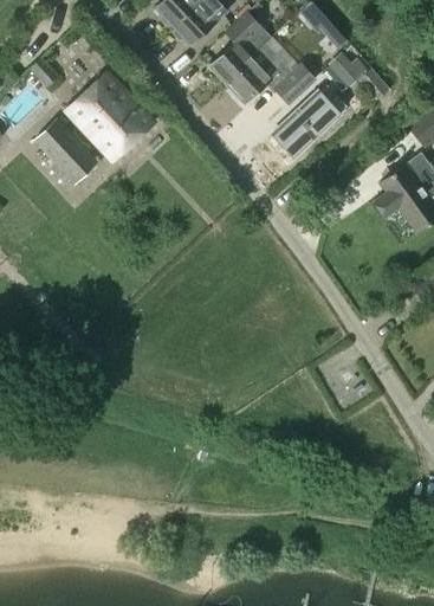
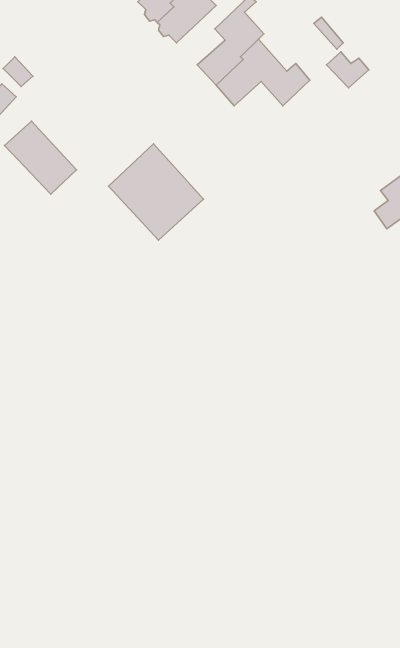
building: [66,71,154,160] -> [108,144,203,240]
building: [272,94,339,159] -> none

